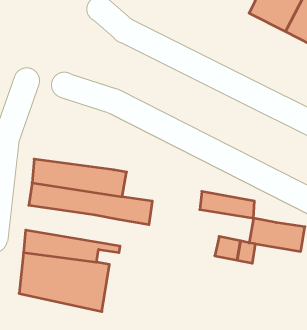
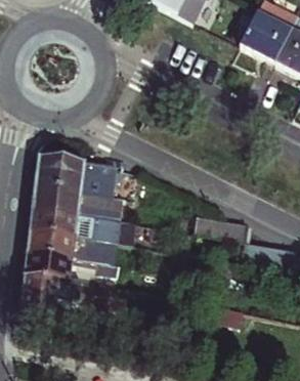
building: none -> [35,155,115,195]
building: none -> [27,228,119,267]

